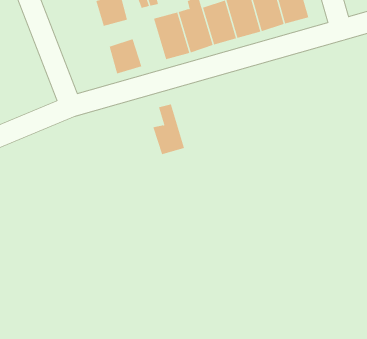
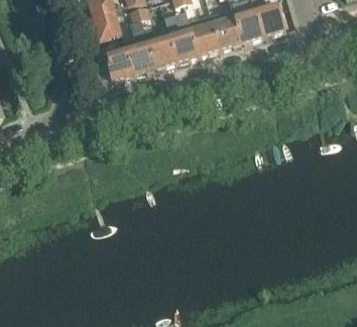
building: [153,104,185,155] -> [125,28,154,75]

